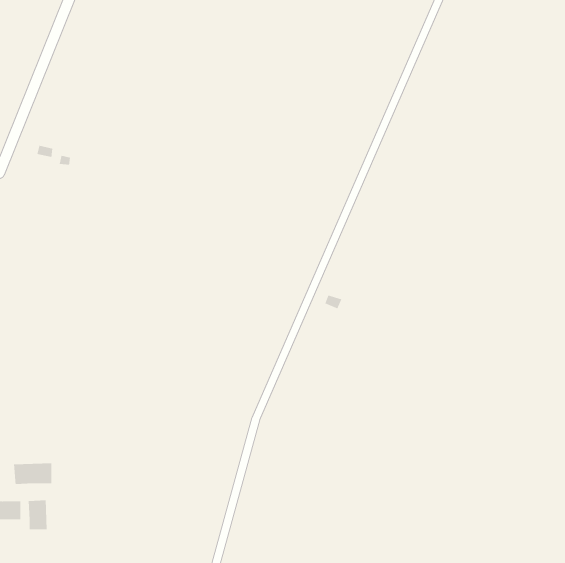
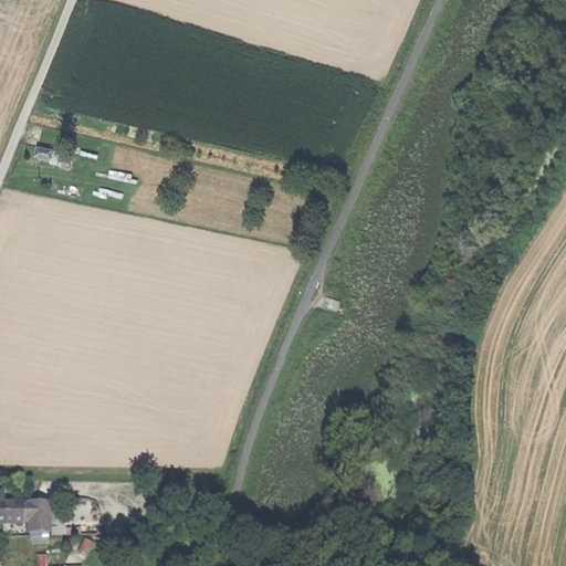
building: [13,463,52,485] -> none

